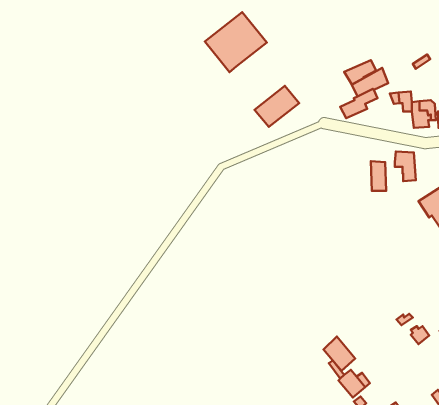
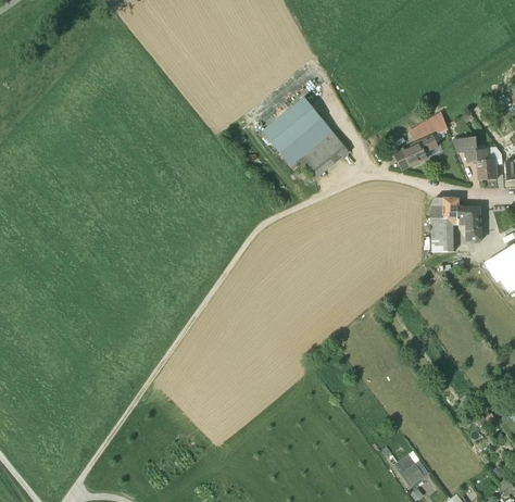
building: [205,12,267,72] -> [262,97,332,165]
building: [344,60,376,85] -> none
building: none -> [430,197,459,218]
building: [324,337,355,371] -> none

